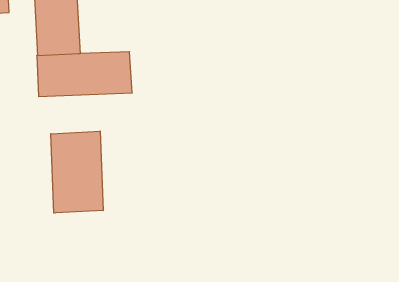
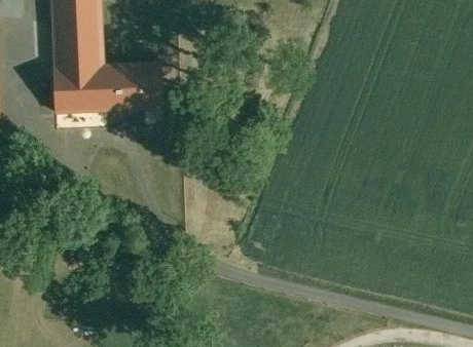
building: [51,131,103,213] -> none

